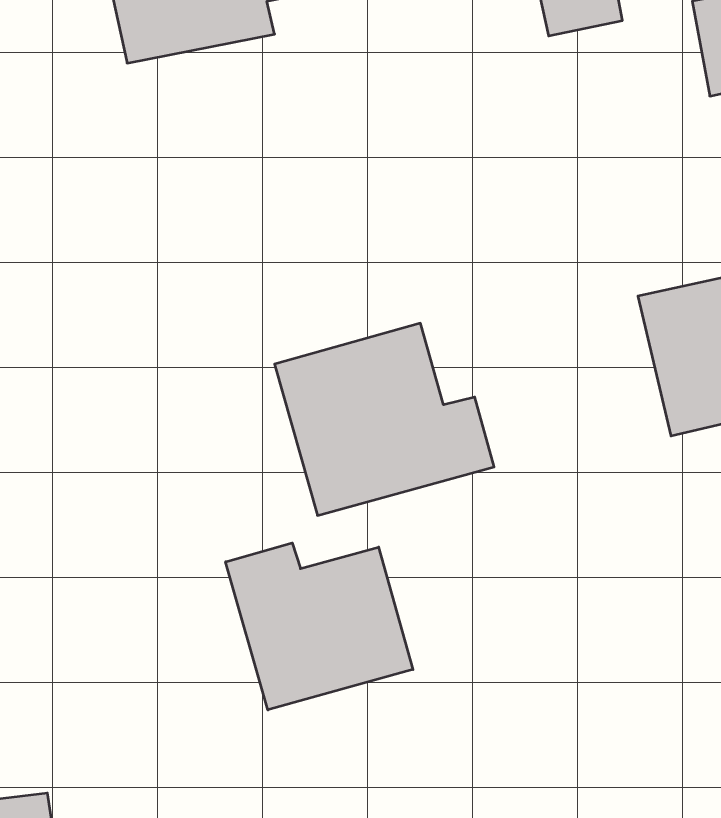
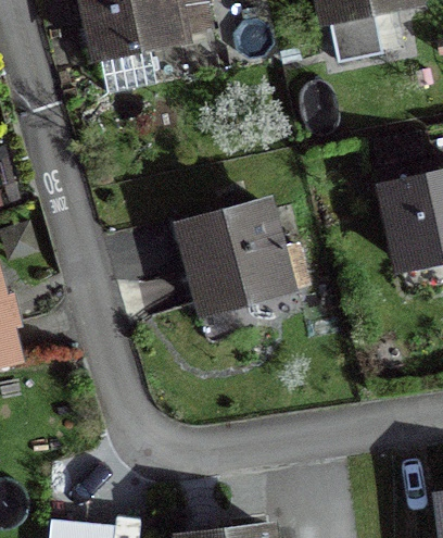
building: [226,543,413,710] -> none

